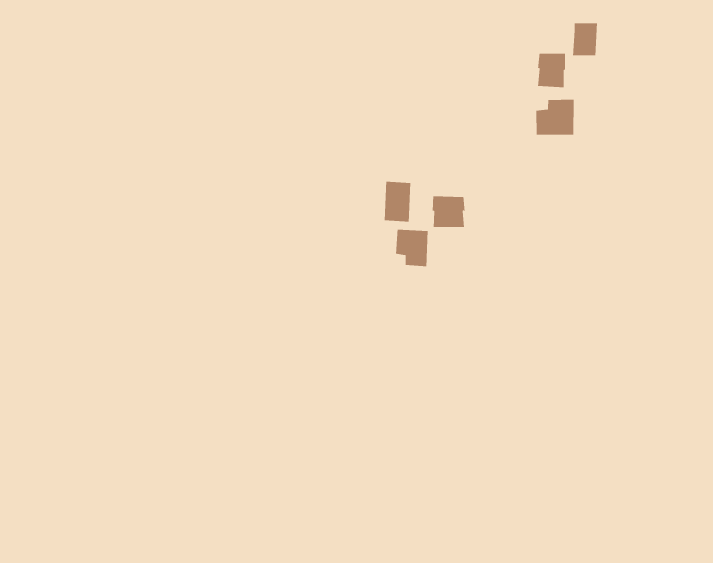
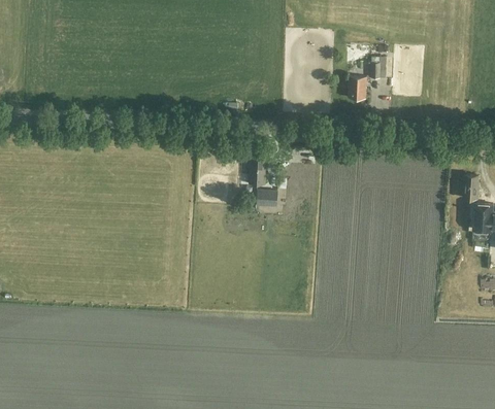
building: [535,99,575,136] -> none
building: [432,195,465,228] -> none

